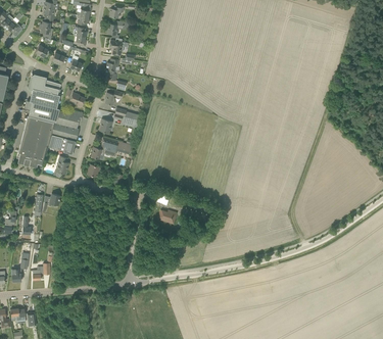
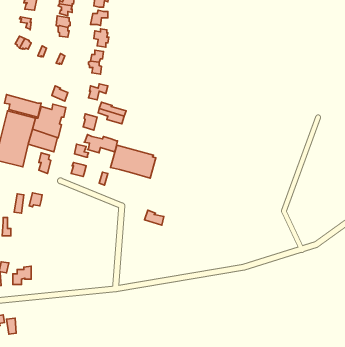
building: [29,75,60,108] -> none
building: none -> [111,145,156,178]

